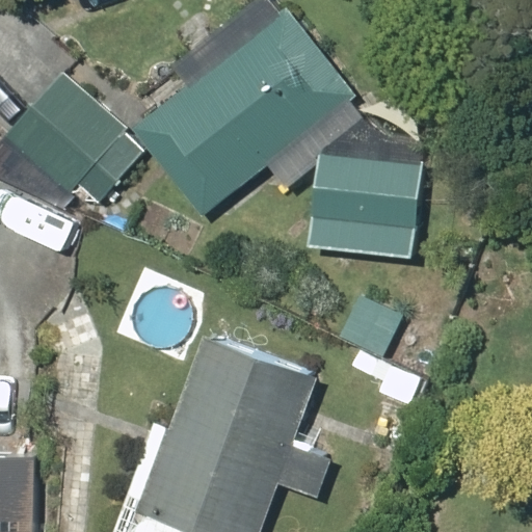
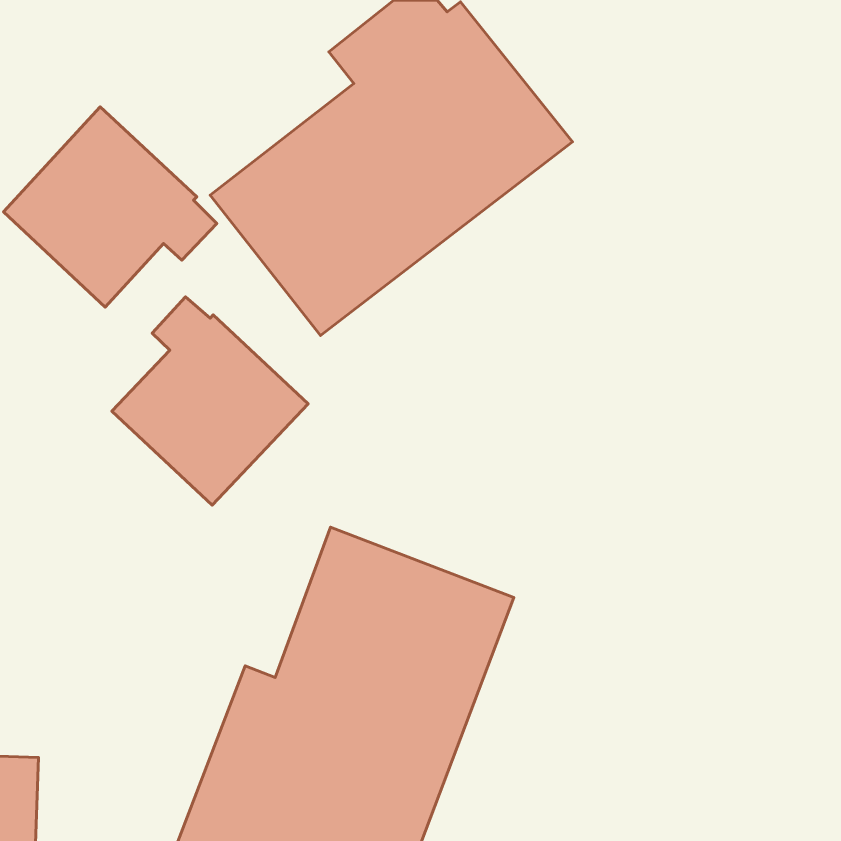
building: [310,152,422,259] -> none
building: none -> [112,297,308,505]

